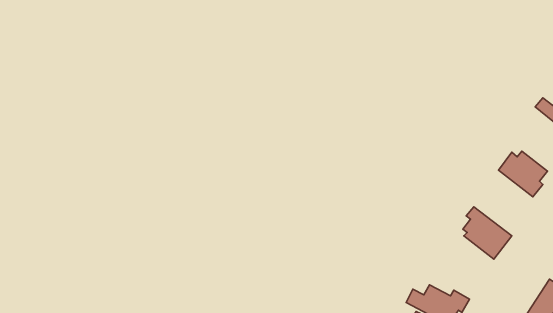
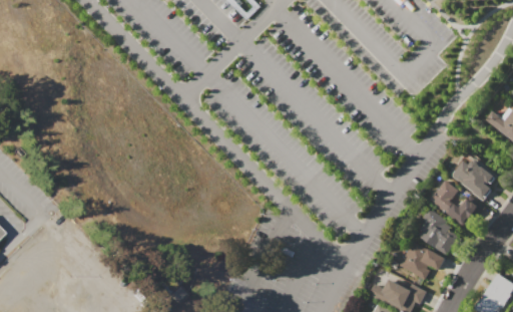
building: none -> [429,179,486,230]
building: none -> [399,239,445,277]

